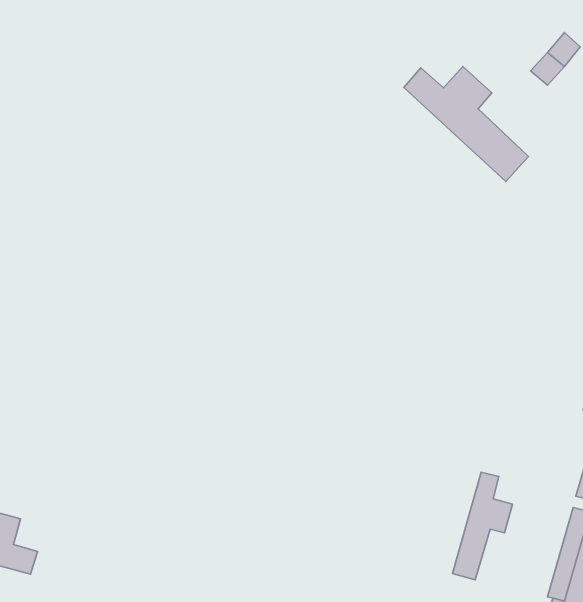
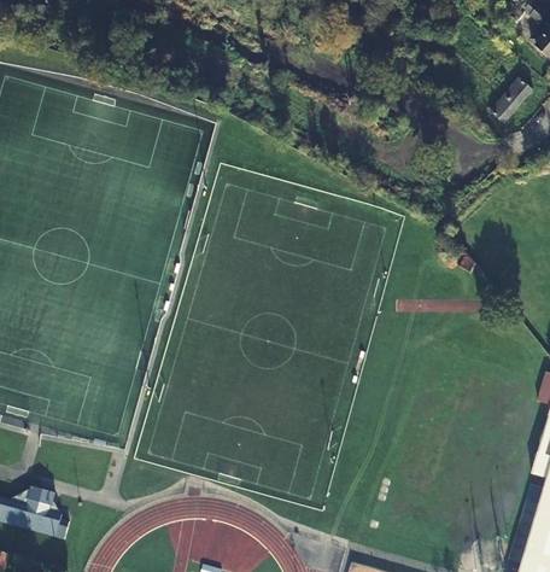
building: [404,66,528,182] -> none
building: [452,472,513,580] -> none

